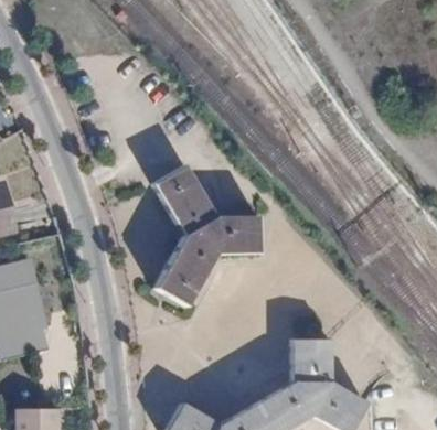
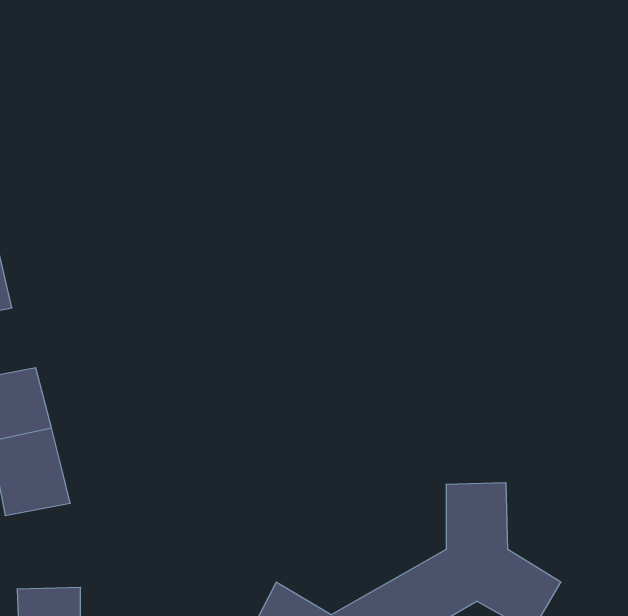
building: [154,166,259,307] -> none

